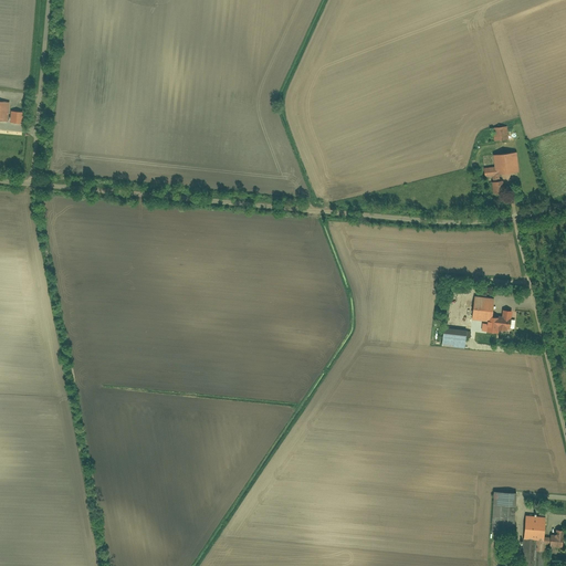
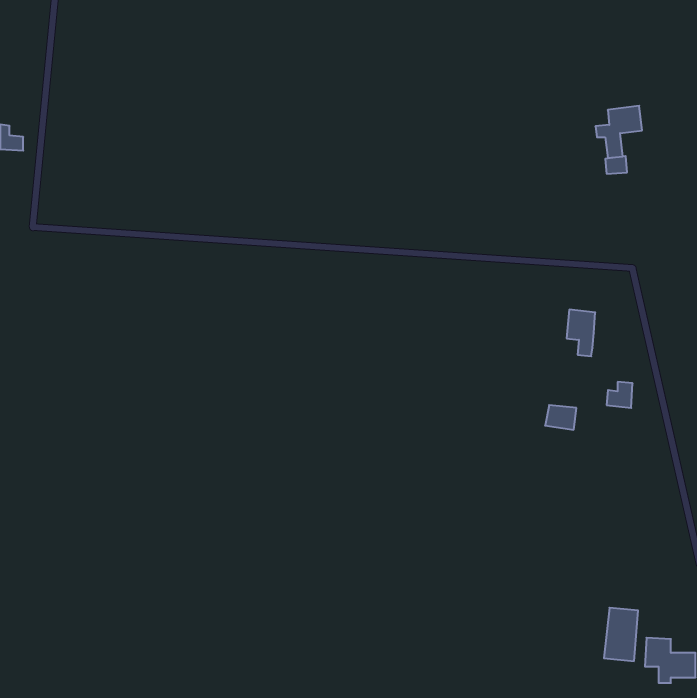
building: [482,153,520,195] -> [595,106,642,158]
building: [471,297,494,335] -> [567,310,595,356]

